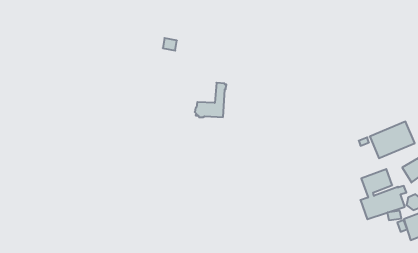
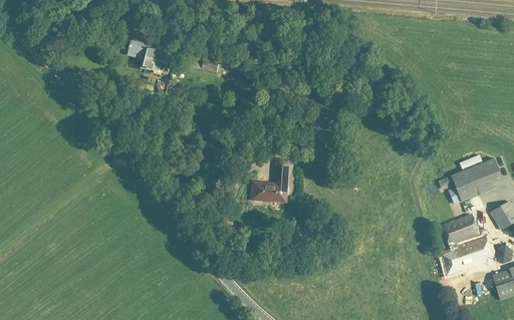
building: none -> [127,39,172,75]
building: [195,83,226,117] -> [252,159,290,201]

